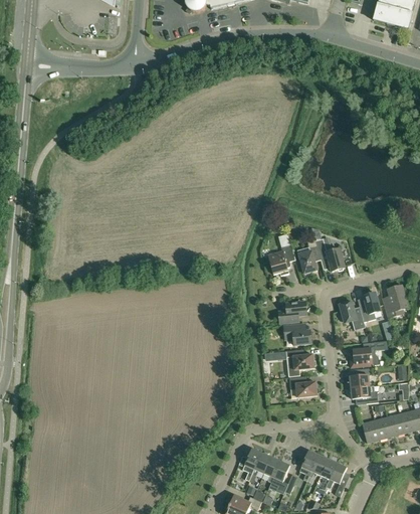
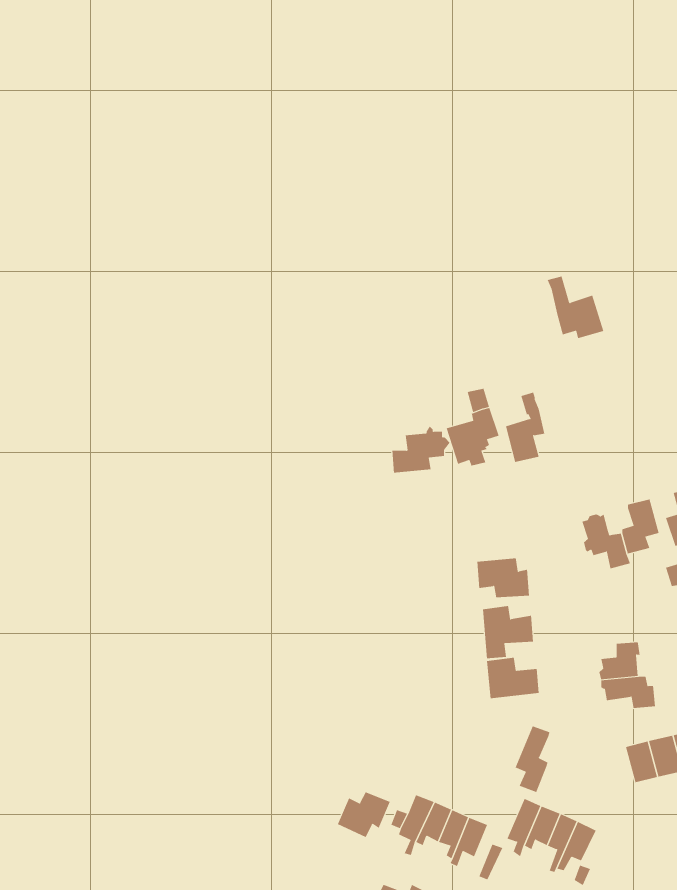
building: [316,237,346,271] -> [547,276,604,339]
building: [279,298,310,323] -> [391,426,451,473]
building: [351,341,380,366] -> none
building: none -> [515,725,550,793]
building: none -> [337,792,390,838]

